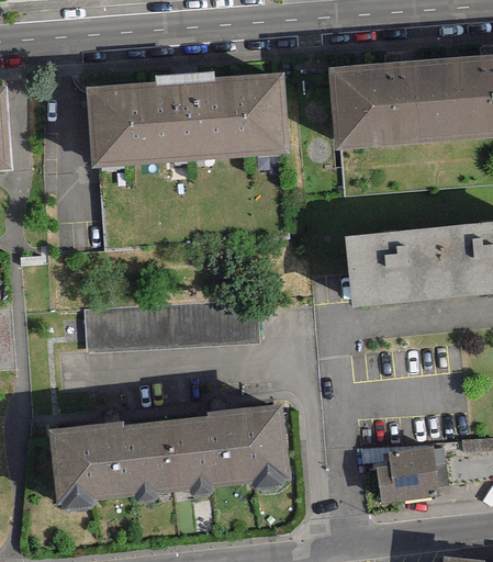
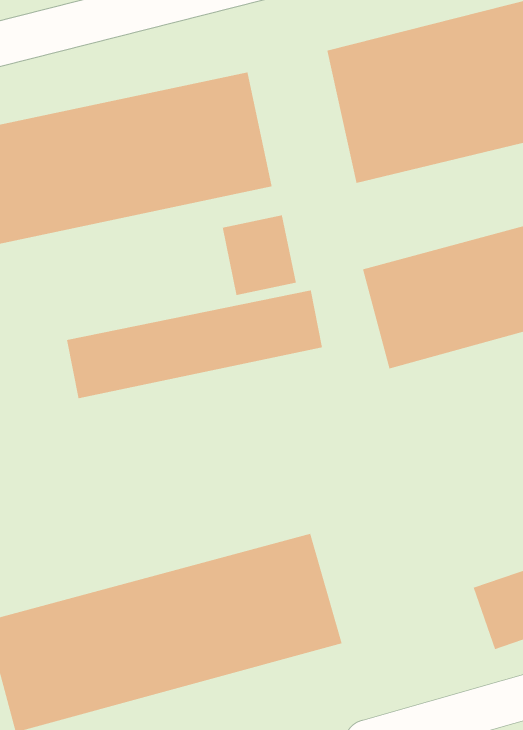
building: none -> [222,214,296,296]
building: [85,302,259,349] -> [66,290,323,399]

